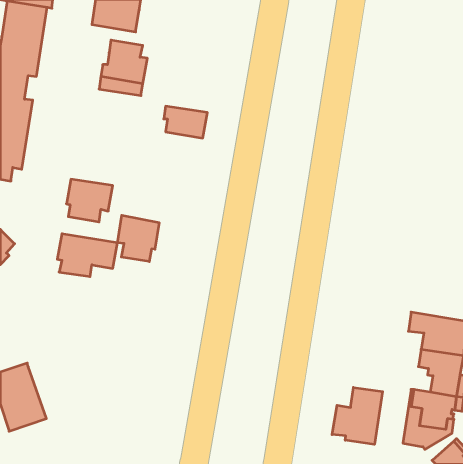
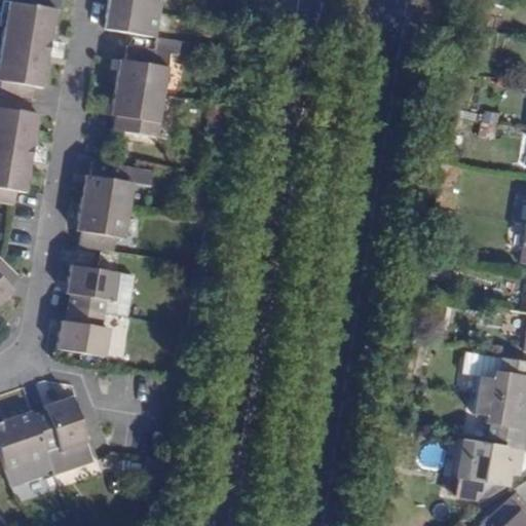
building: [164,106,207,138] -> [112,101,161,137]
building: none -> [82,161,134,210]
building: [117,215,159,262] -> none
building: none -> [58,307,110,356]
building: none -> [34,396,95,473]
building: [332,387,383,444] -> none

